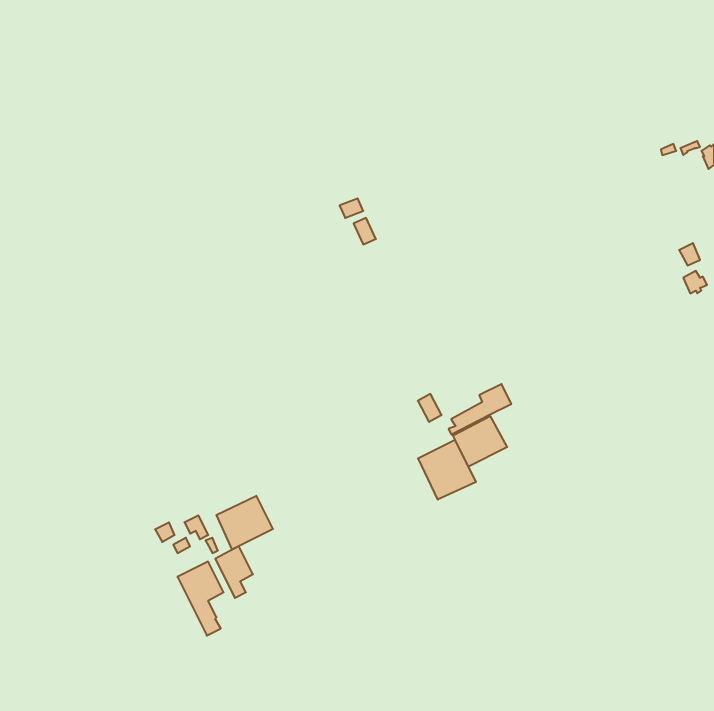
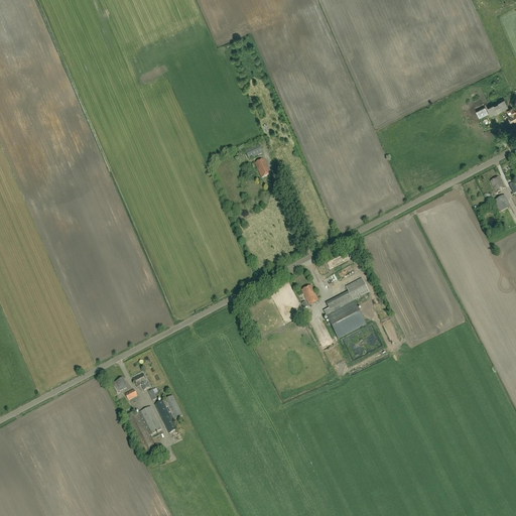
building: [418,440,476,500] -> none
building: [216,496,273,550] -> none

